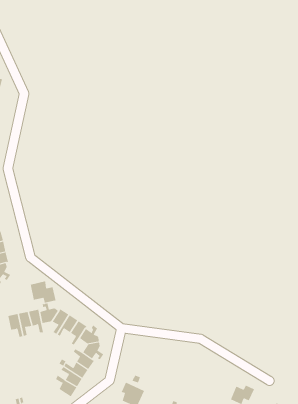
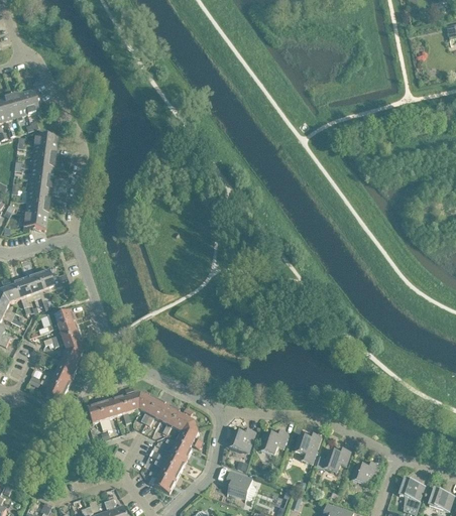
building: [30,281,56,304] -> none
building: none -> [229,427,256,453]
building: none -> [260,429,289,454]
building: none -> [295,432,322,463]
building: none -> [317,446,351,472]

